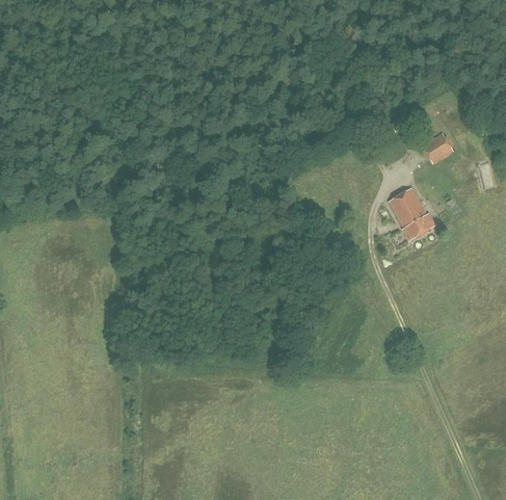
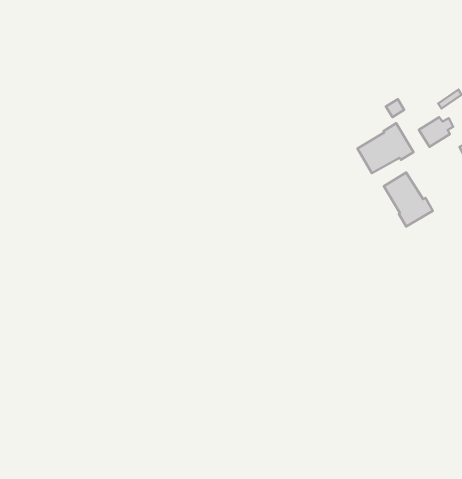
building: none -> [357,123,413,173]

